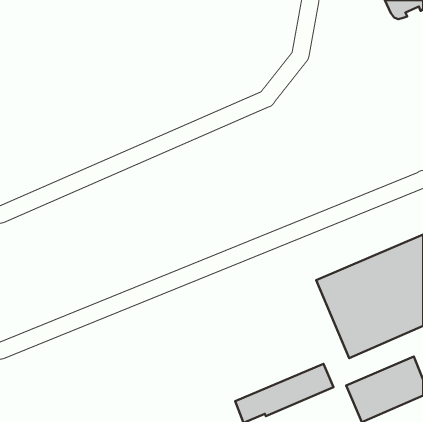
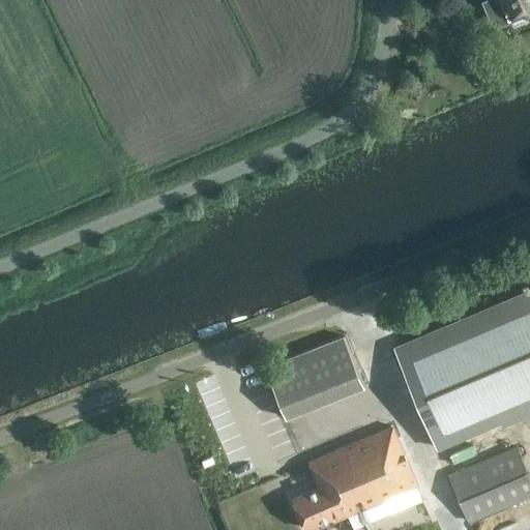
building: none -> [264,337,362,418]
building: none -> [292,428,405,503]

